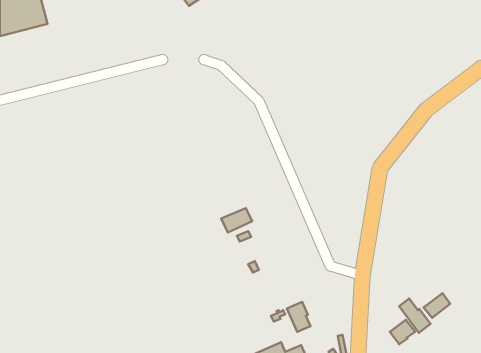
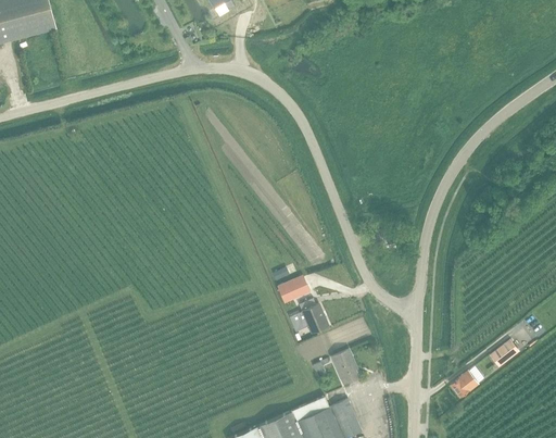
building: [221,208,252,233] -> [279,275,315,303]
building: none -> [299,298,328,333]
building: [399,298,431,333] -> none

